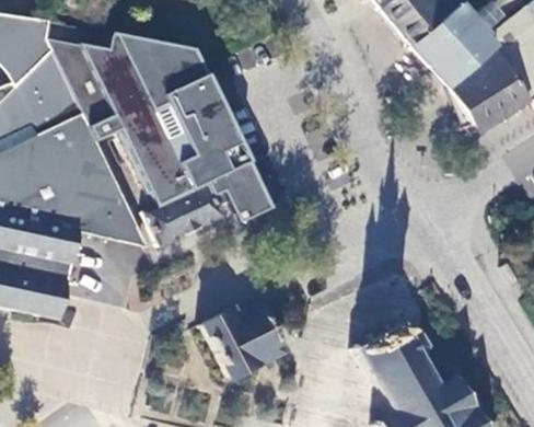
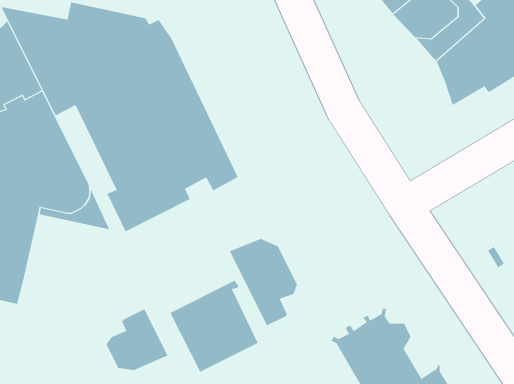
building: none -> [229,238,298,326]
building: none -> [106,309,168,371]

